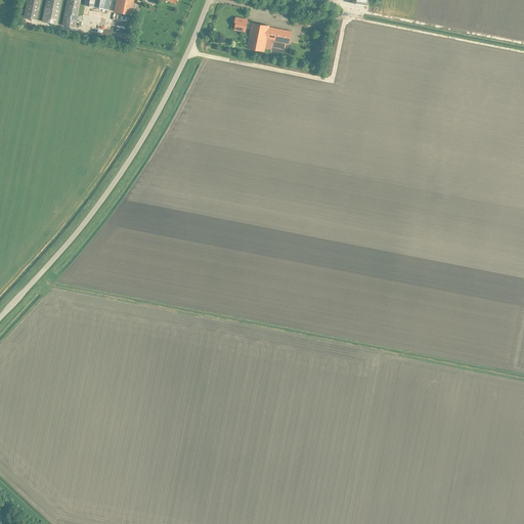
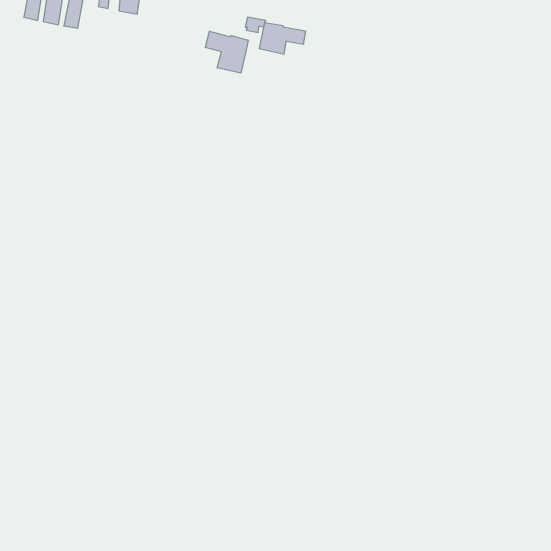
building: none -> [205,31,248,73]

